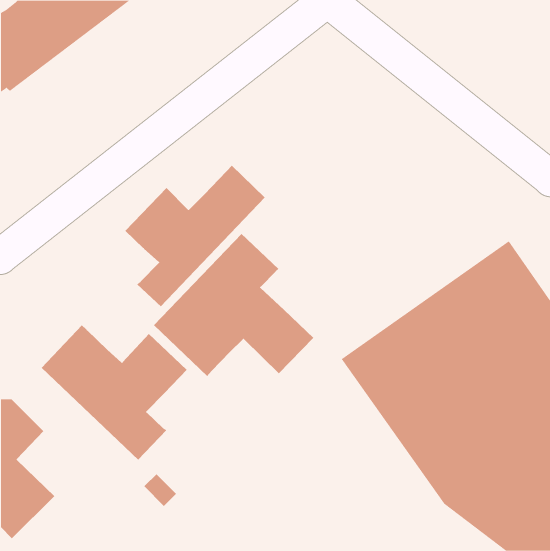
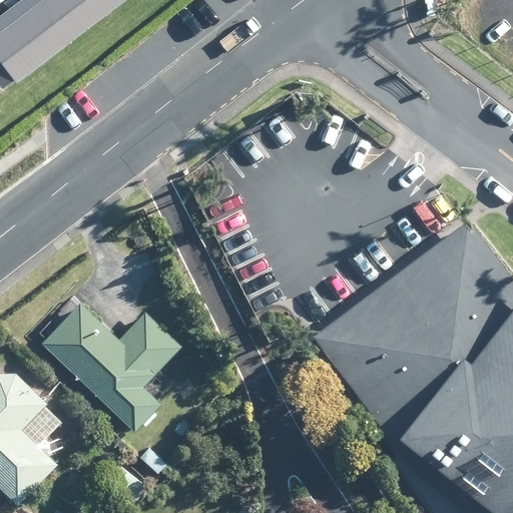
building: [125,165,266,307] -> none
building: [153,233,314,377] -> none

